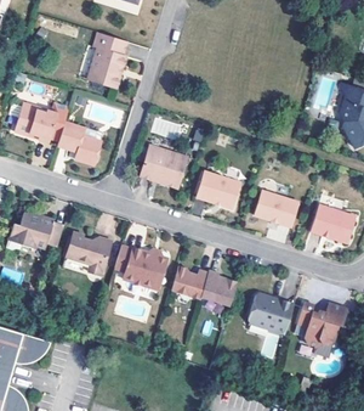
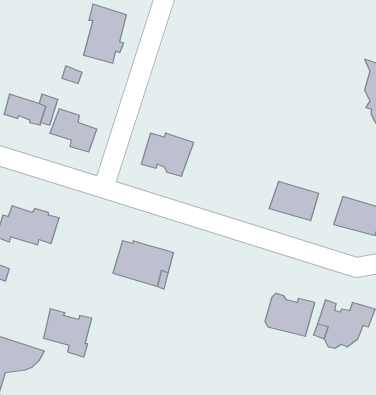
building: [197,169,238,207] -> none
building: [67,229,110,272] -> [43,309,92,357]
building: [174,261,238,302] -> none

